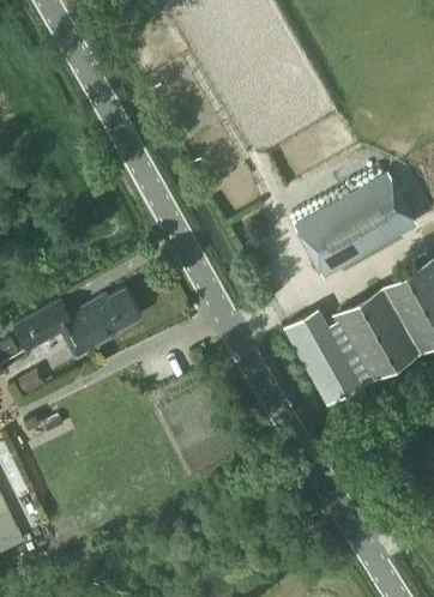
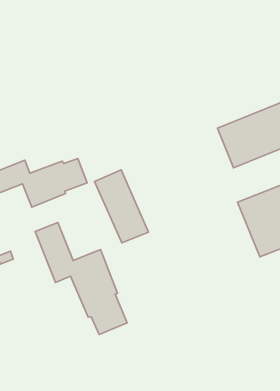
building: [288,312,363,403] -> [95,170,148,243]
building: none -> [35,223,127,335]

